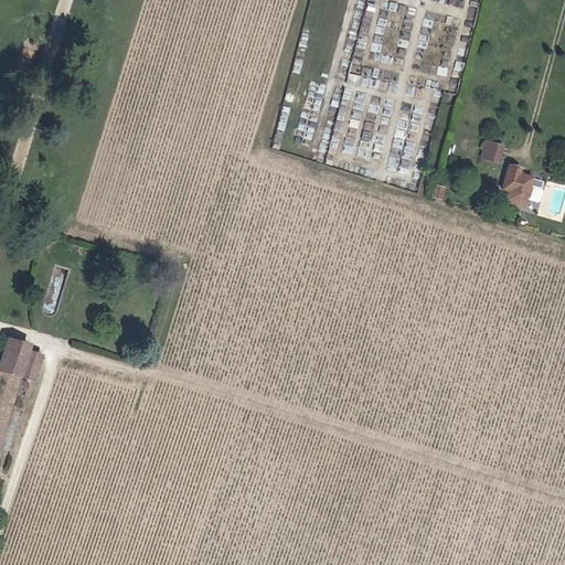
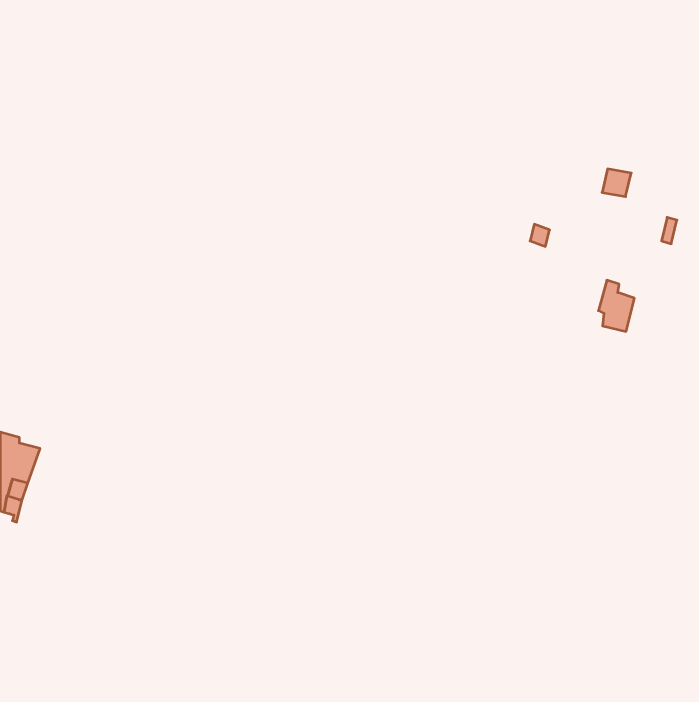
building: [501,160,530,201] -> [598,280,634,331]

